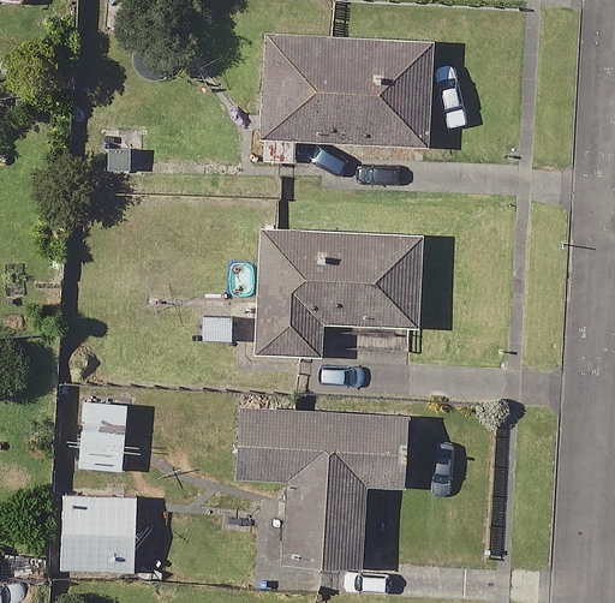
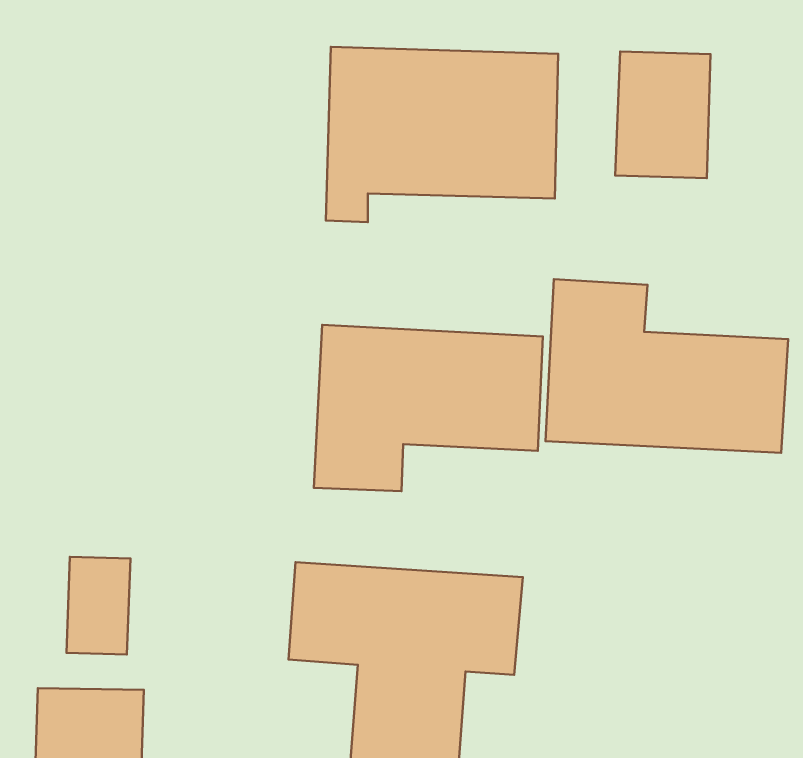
building: none -> [615,51,710,178]
building: none -> [546,279,788,453]

